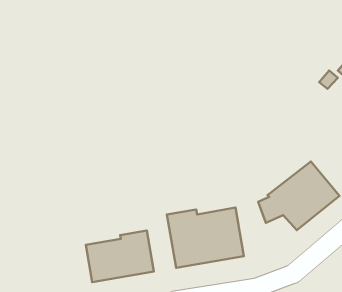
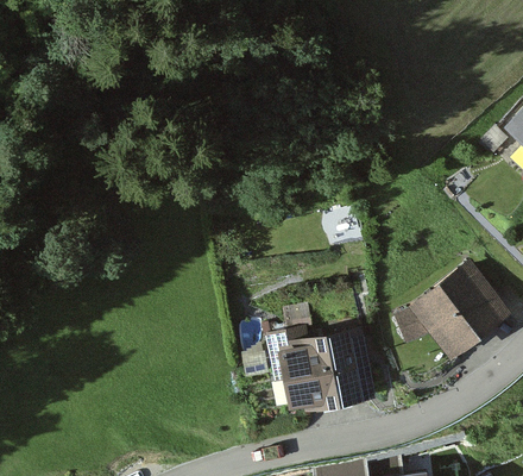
building: [86,230,154,282] -> none

